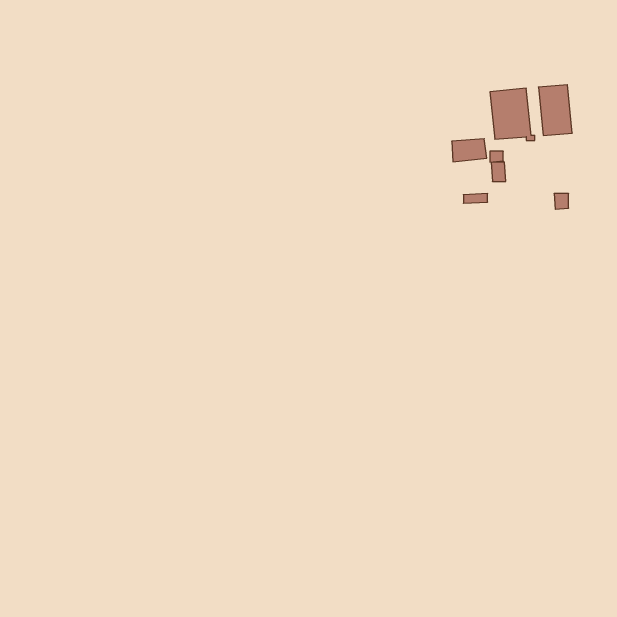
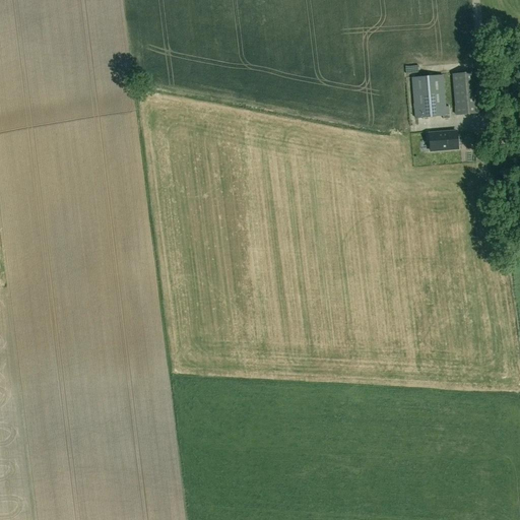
building: [452,139,487,162] -> [428,131,457,150]

